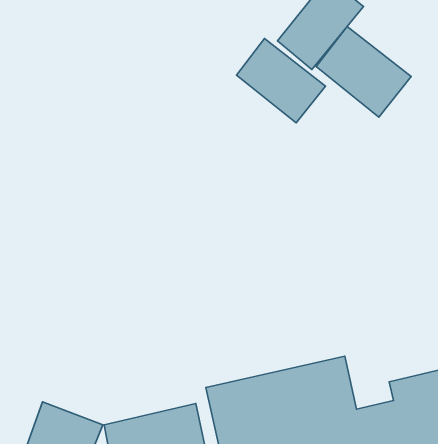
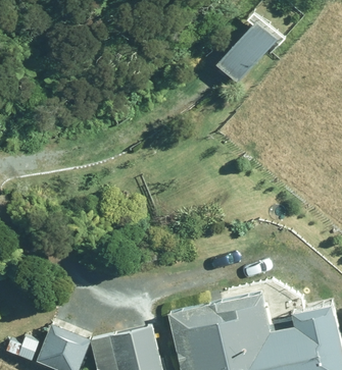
building: [316,27,411,117] -> none
building: [237,39,325,123] -> none

